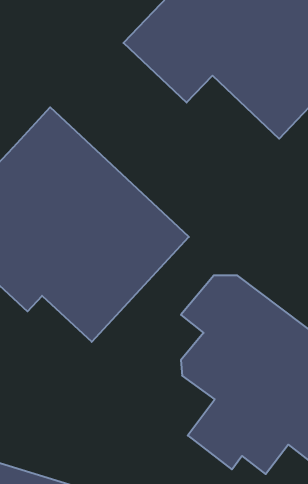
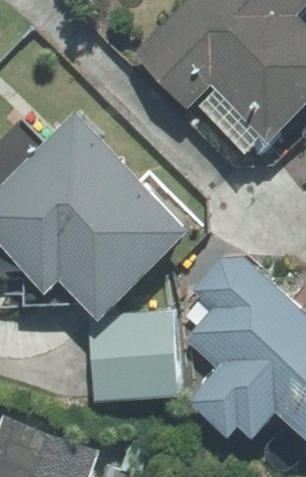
building: none -> [82,313,179,401]

